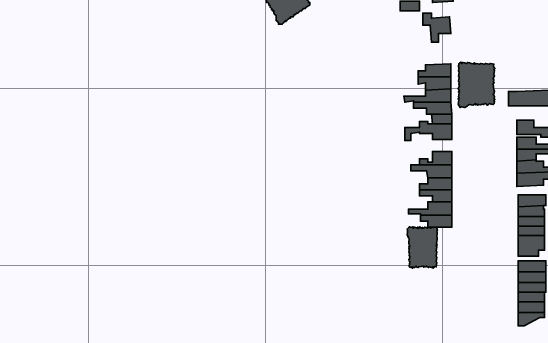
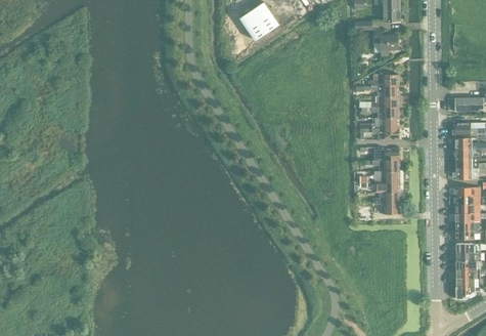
building: [458,62,495,108] -> none
building: [407,227,438,268] -> none

